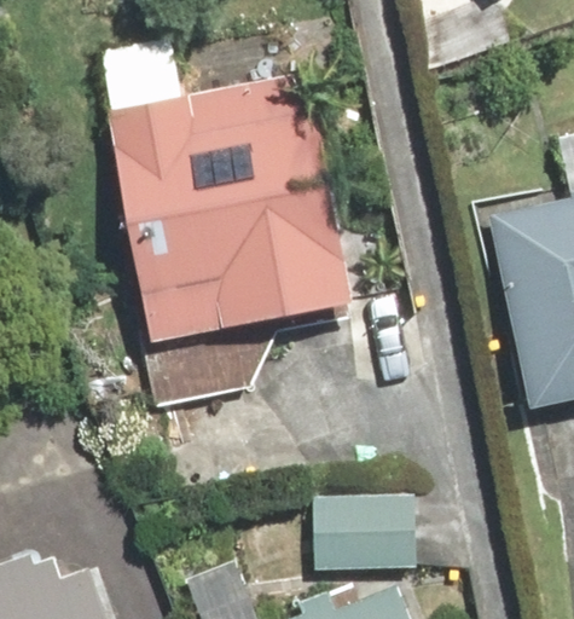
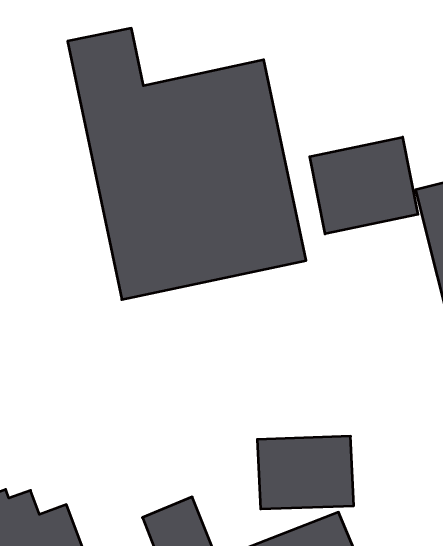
building: none -> [310,137,418,234]

